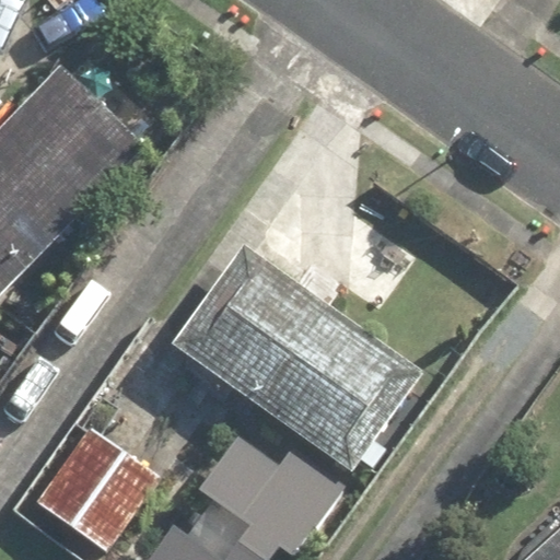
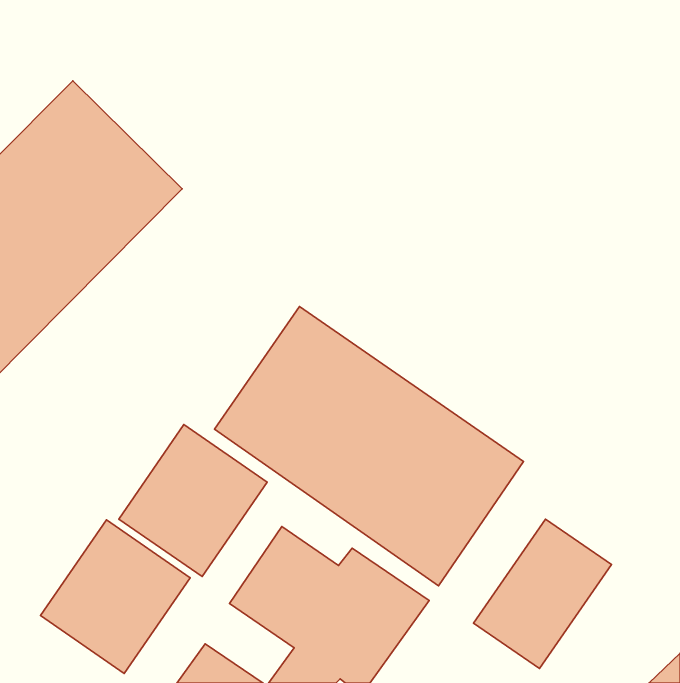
building: none -> [119,425,267,577]
building: none -> [473,519,612,669]

